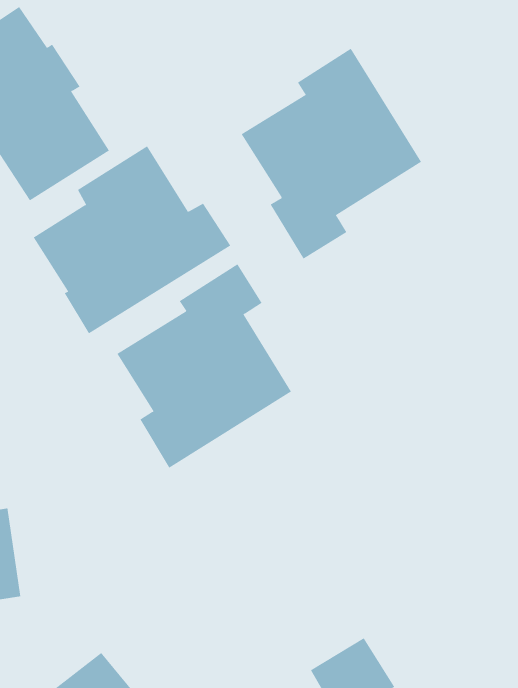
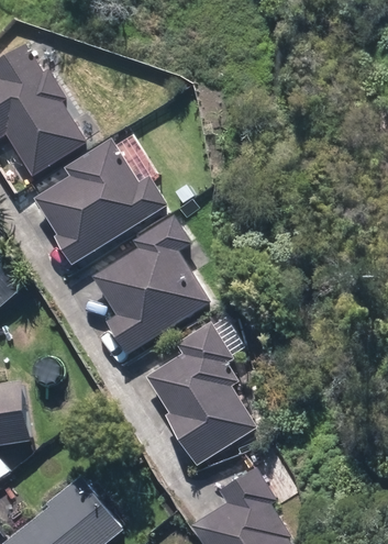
building: [241,48,422,260] -> none
building: none -> [145,322,256,467]

